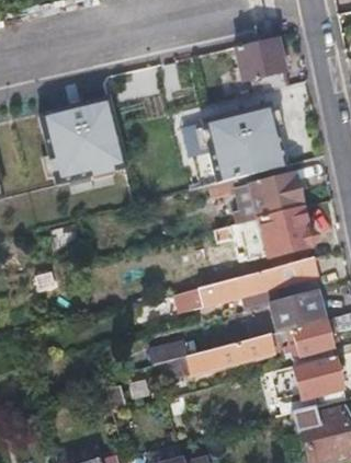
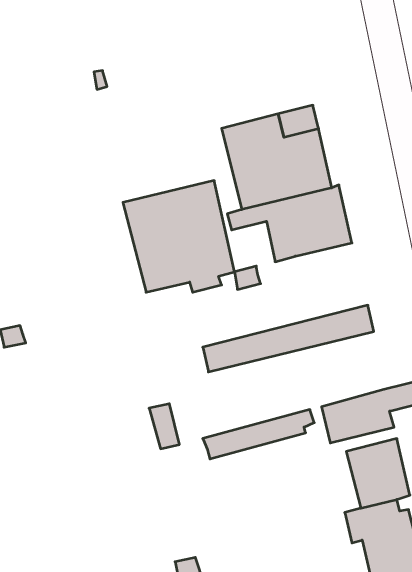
building: [235,39,287,95] -> none
building: [39,97,124,182] -> [123,181,235,292]
building: [258,209,310,257] -> none
building: [271,291,325,333] -> none

